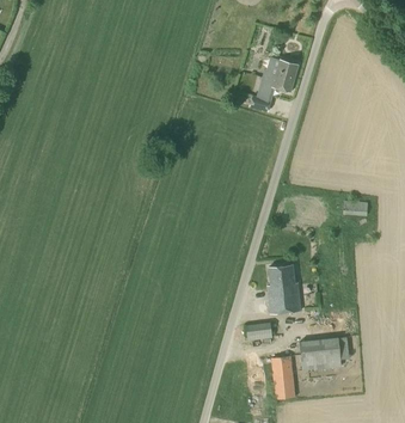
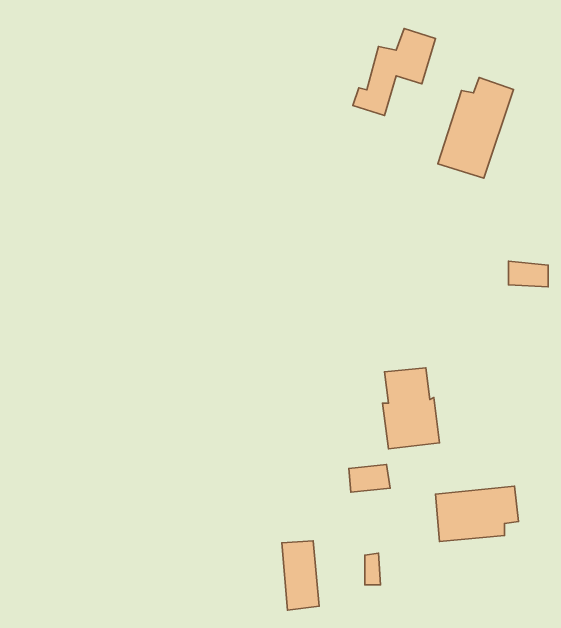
building: none -> [438,78,514,178]
building: [271,356,294,398] -> [282,541,319,610]

